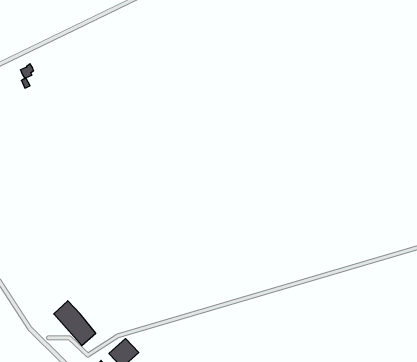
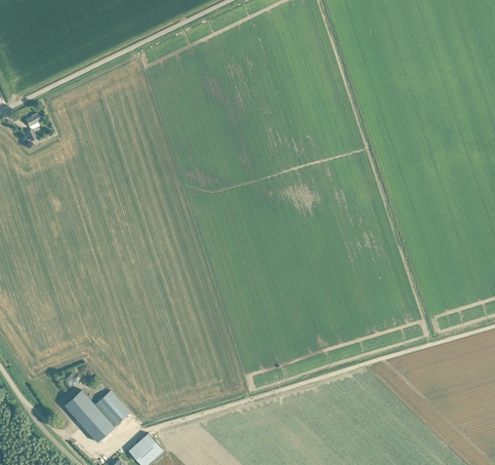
building: none -> [94,391,129,427]

